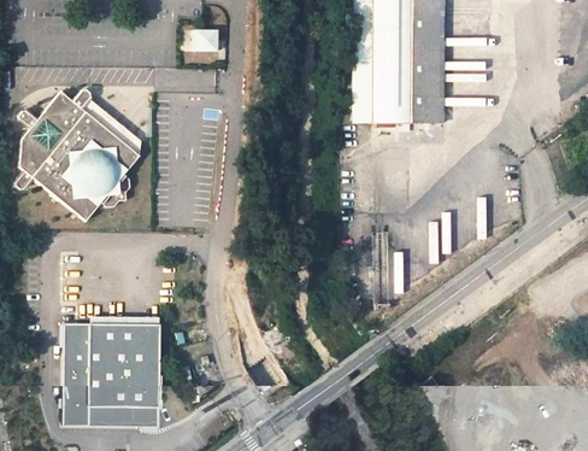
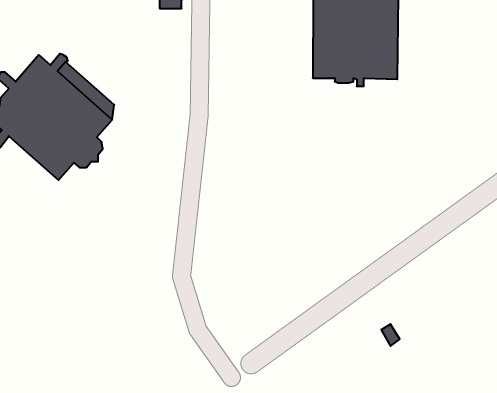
building: [64,323,160,426] -> none

